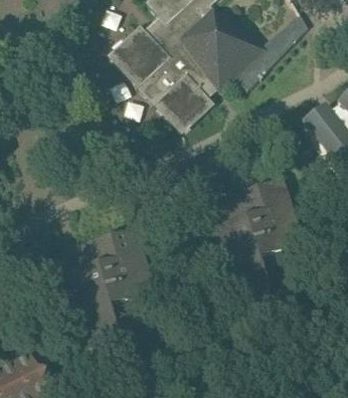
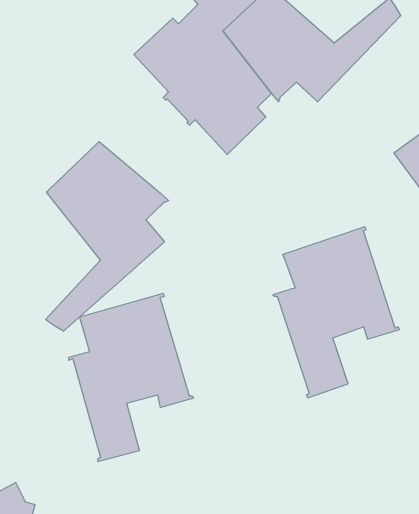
building: none -> [46,142,169,331]

